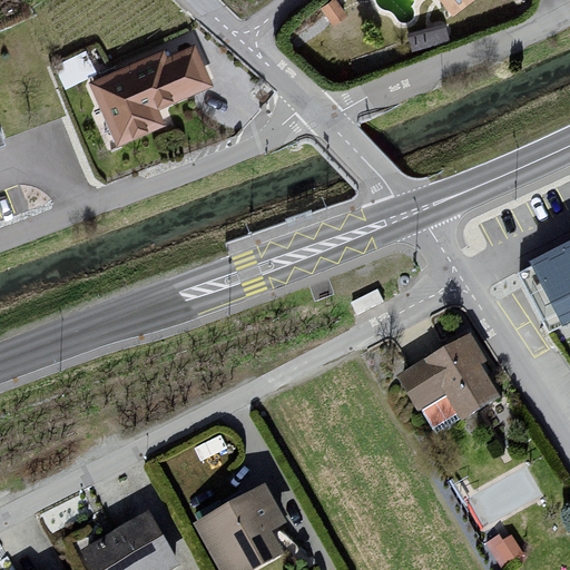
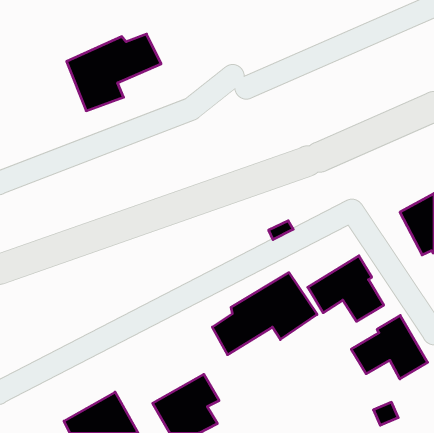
building: none -> [212,273,317,355]
building: none -> [351,315,428,379]

